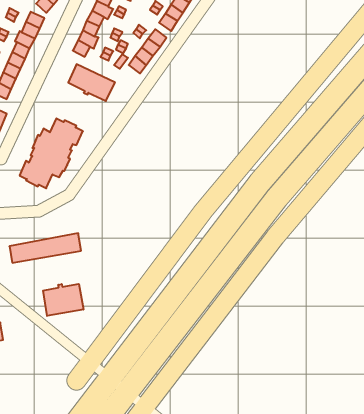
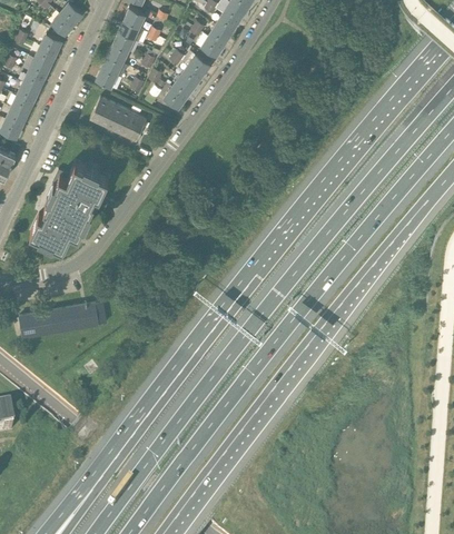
building: [43,284,83,316] -> none

